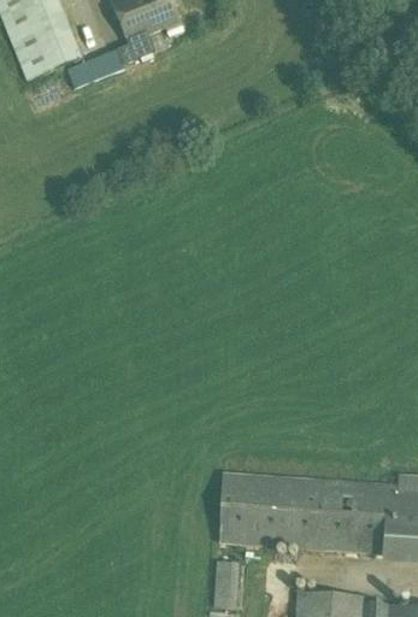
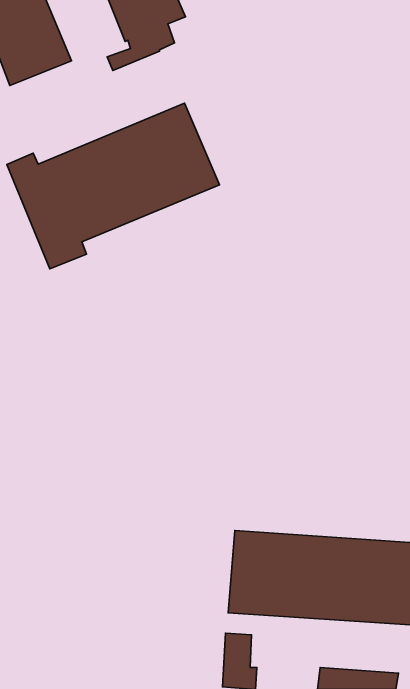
building: [66,52,114,88] -> none
building: none -> [7,103,220,269]

